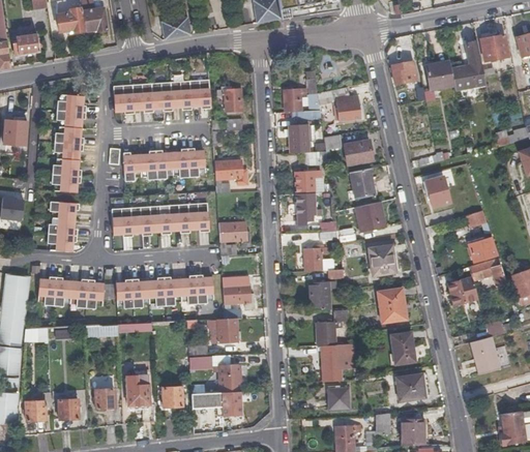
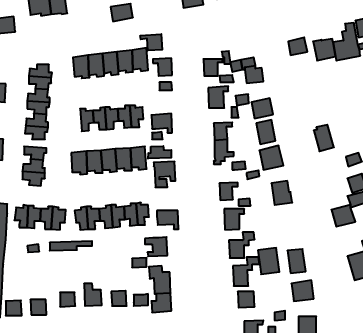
building: none -> [140,34,162,51]
building: none -> [148,146,171,159]
building: [378,290,406,324] -> [258,248,279,274]

